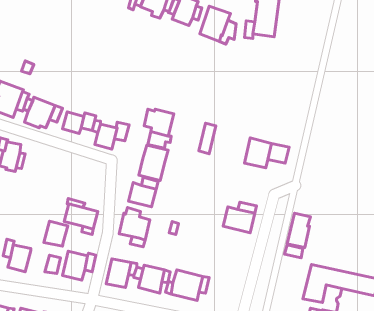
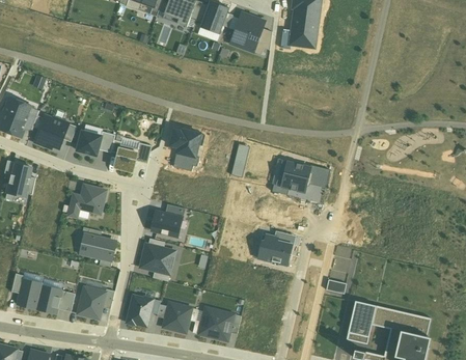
building: [139,145,168,180] -> none
building: none -> [68,185,106,217]
building: [44,221,68,246] -> [35,285,62,313]

